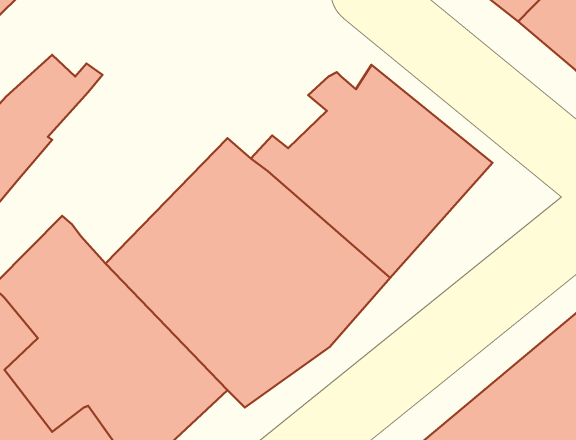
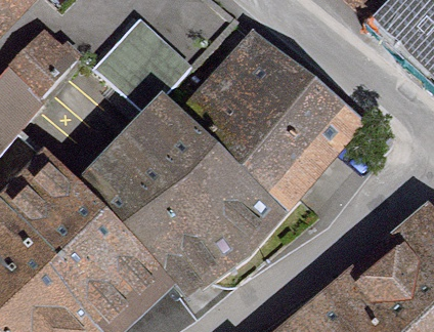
building: none -> [98,26,190,118]

